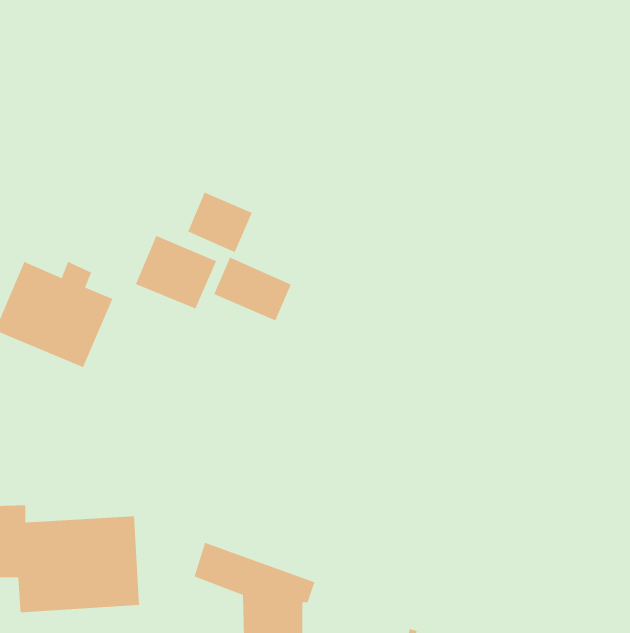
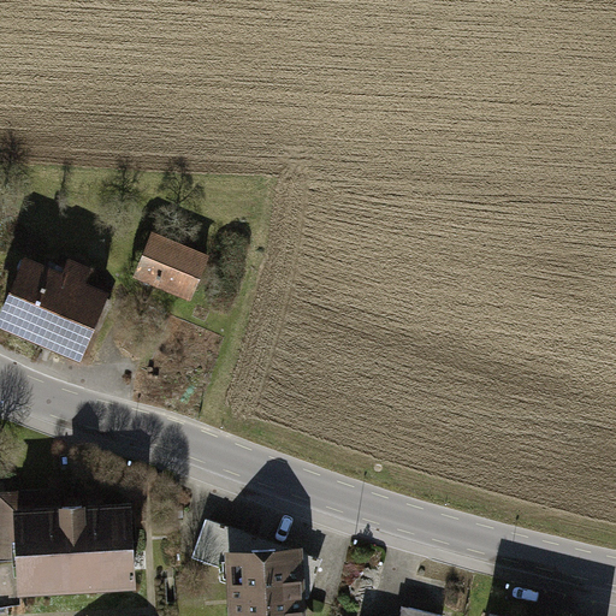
building: [187,191,253,253] -> none
building: [213,256,292,322] -> none

